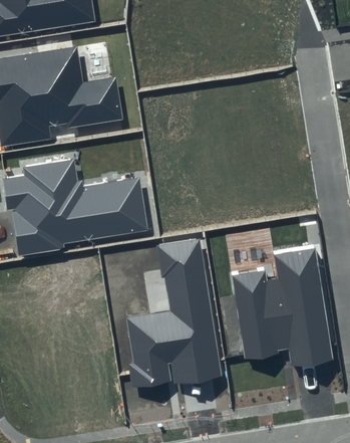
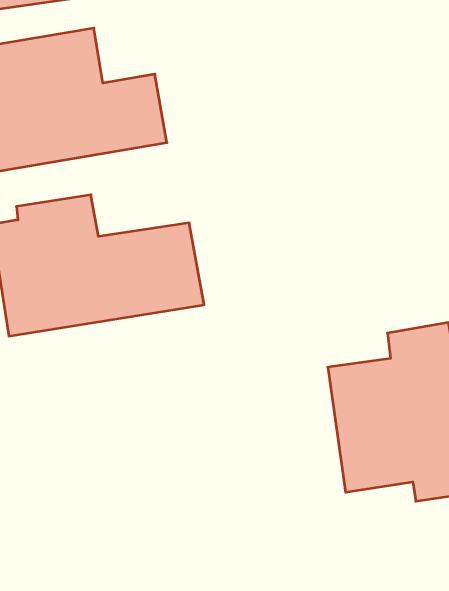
building: [125,238,222,392] -> none

